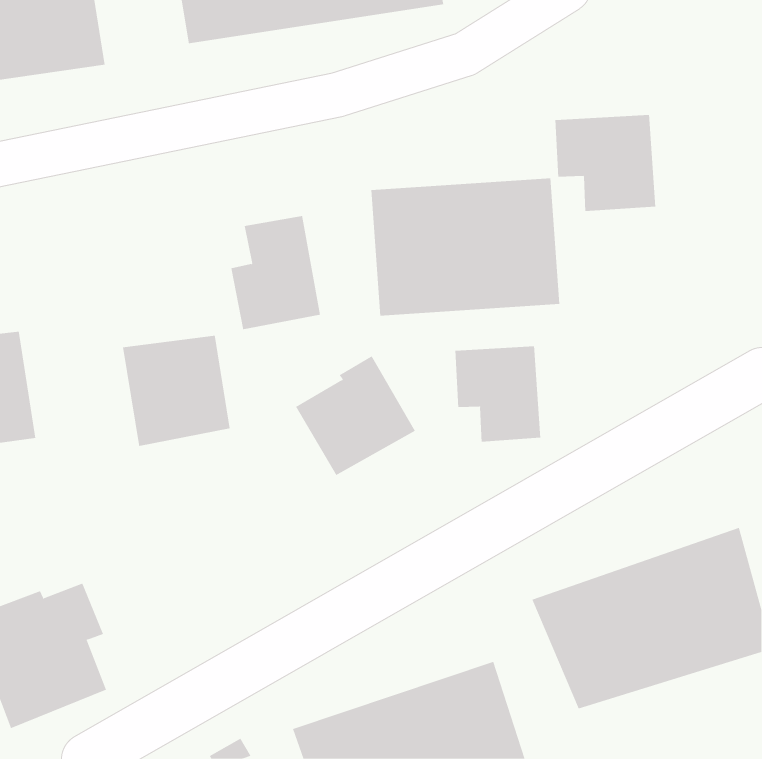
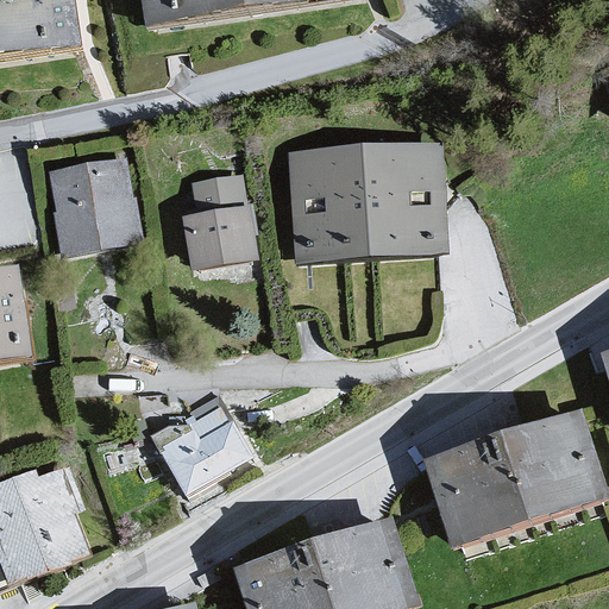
building: [555,114,656,212] -> none
building: [122,335,231,447] -> [49,157,134,245]
building: [455,345,541,442] -> none
building: [295,355,416,476] -> [153,390,249,485]

